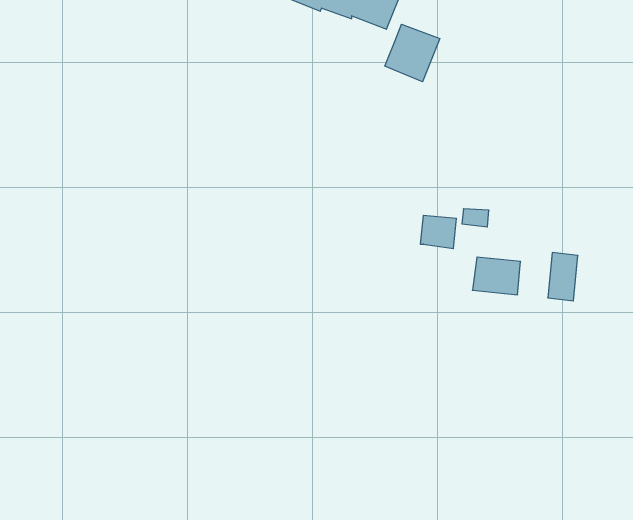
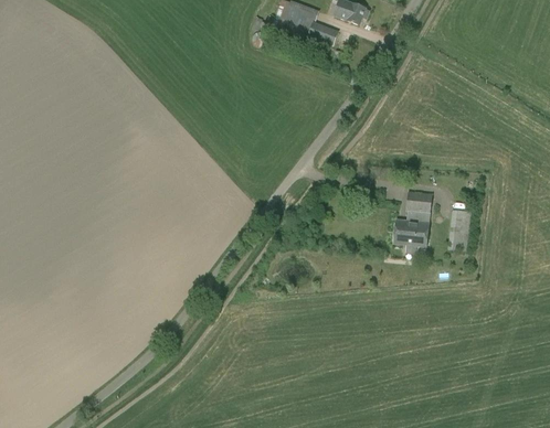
building: [385,24,440,82] -> none
building: [420,215,456,249] -> [405,189,432,213]

